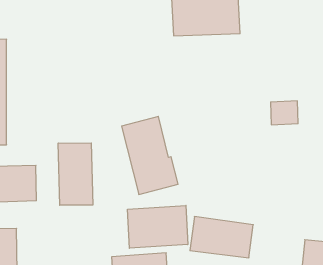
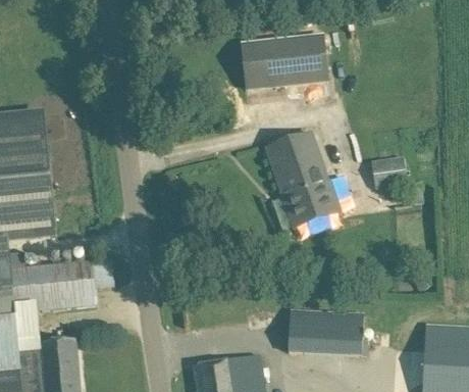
building: [122,116,178,194] -> [266,130,341,227]
building: [58,143,93,205] -> none
building: [128,205,188,248] -> none

